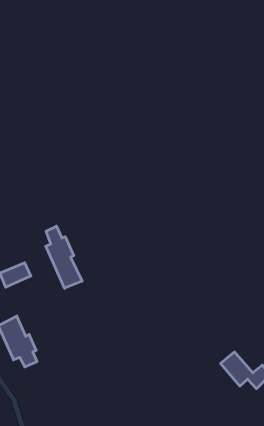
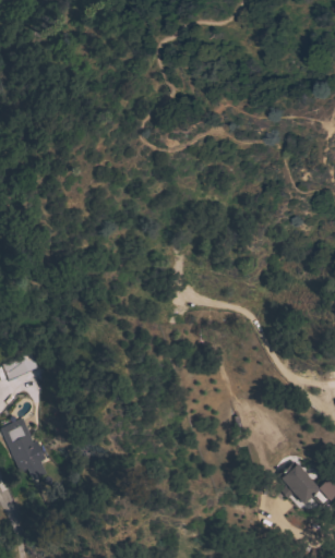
building: [46,226,82,288] -> none

